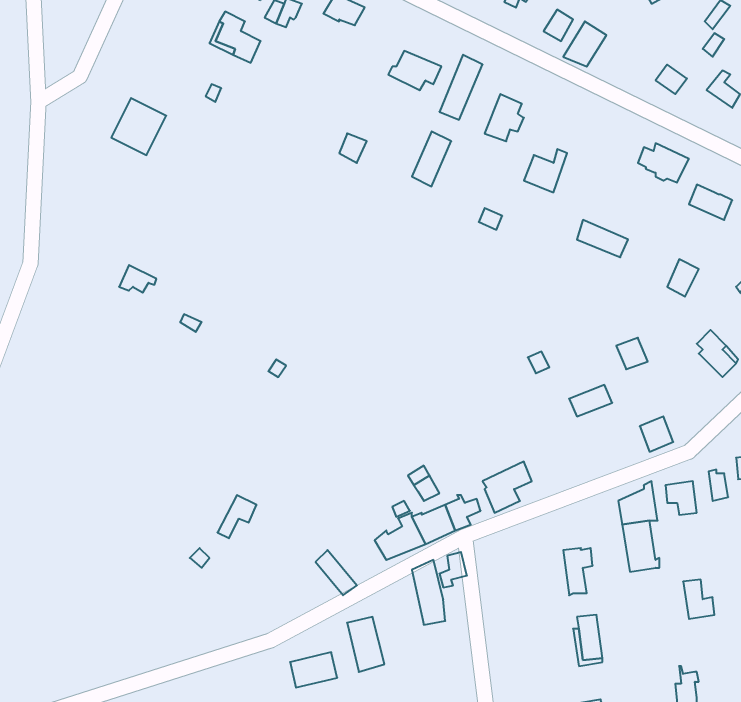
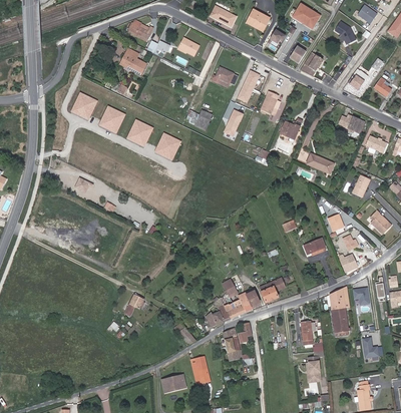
building: none -> [98,105,126,133]
building: none -> [126,118,153,147]
building: none -> [154,132,181,160]

